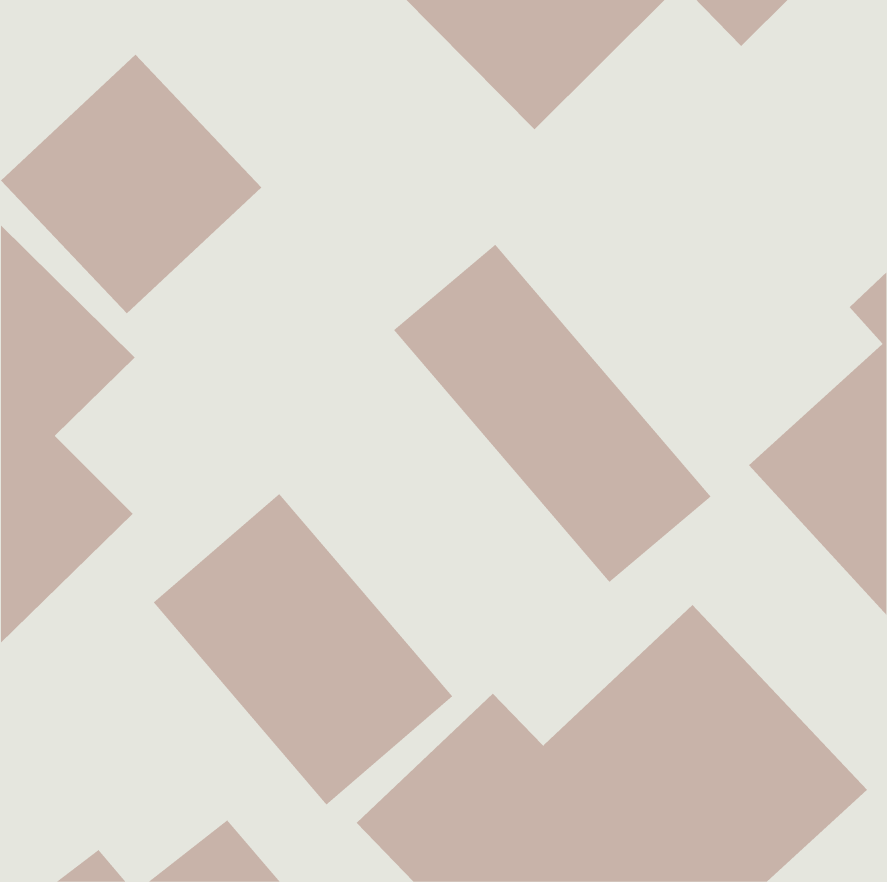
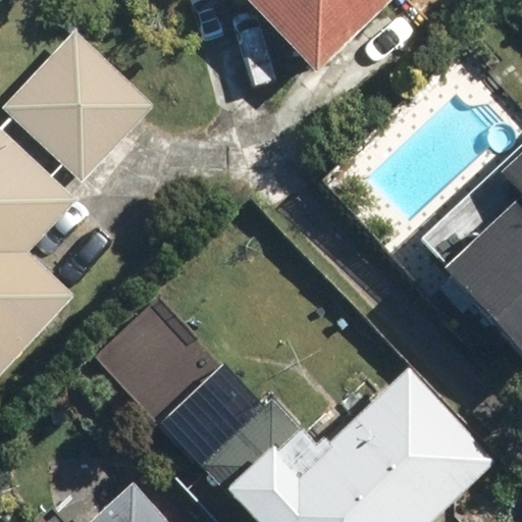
building: [393,244,711,583] -> none

